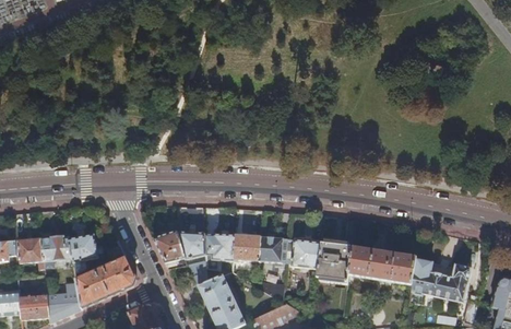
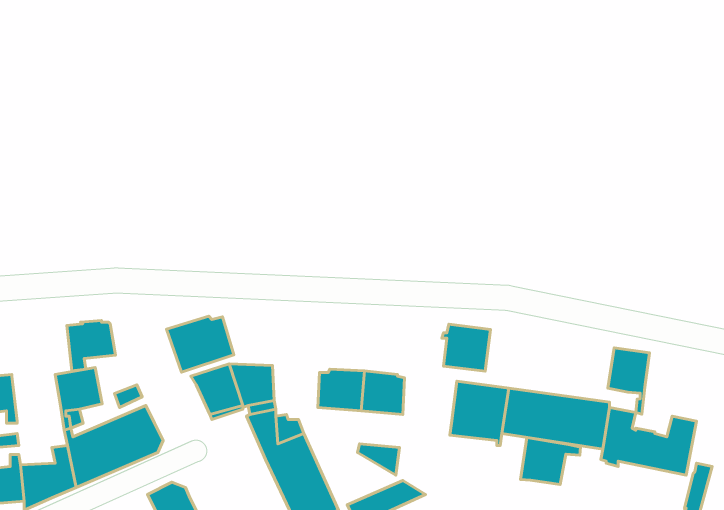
building: none -> [167,316,234,372]
building: none -> [608,348,649,414]
building: [212,233,234,259] -> none
building: [40,235,71,267] -> [67,320,115,371]
building: [289,238,320,268] -> [442,324,490,371]
building: none -> [520,437,580,485]

